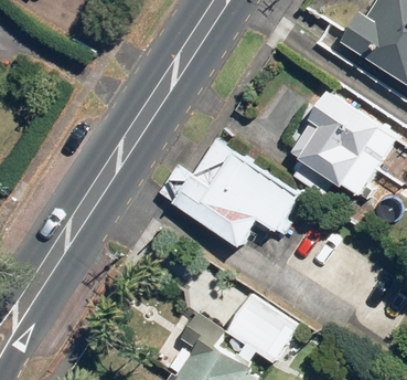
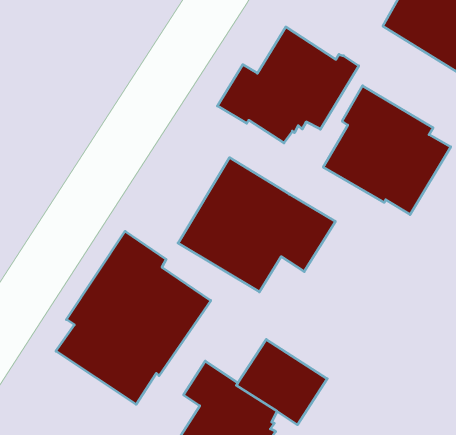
building: none -> [217,27,359,143]
building: none -> [56,231,211,404]

